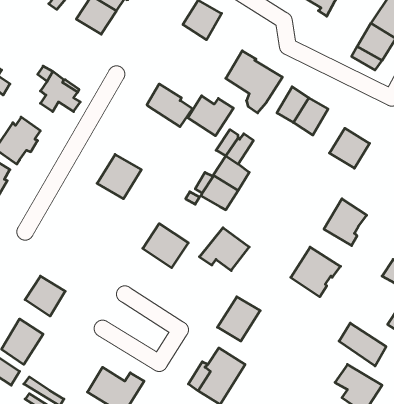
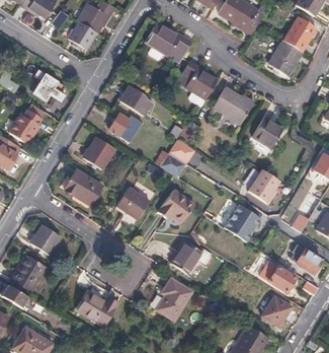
building: none -> [163,32,192,62]
building: [188,96,233,136] -> [109,113,143,142]
building: none -> [65,169,102,203]

